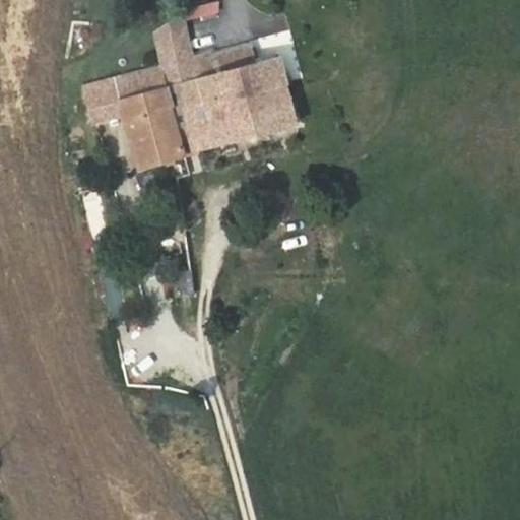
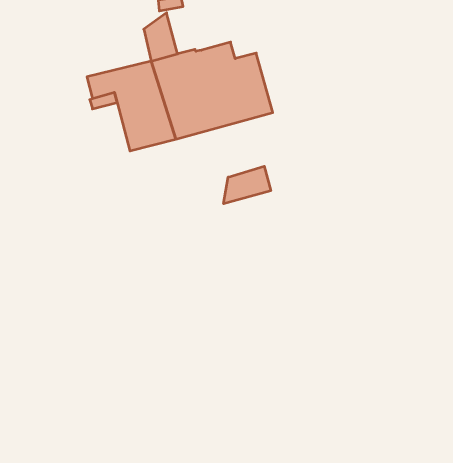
building: none -> [224,166,271,204]

